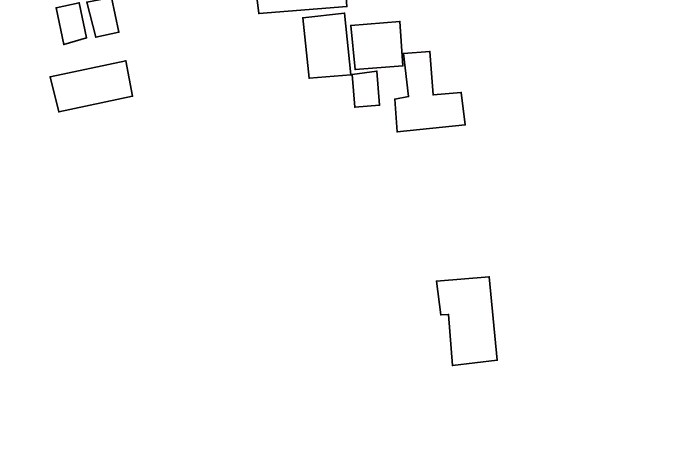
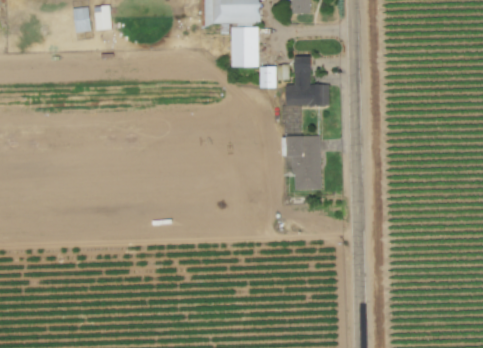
building: [351,22,403,70] -> none
building: [50,61,133,112] -> none
building: [437,277,497,365] -> [287,136,322,191]

